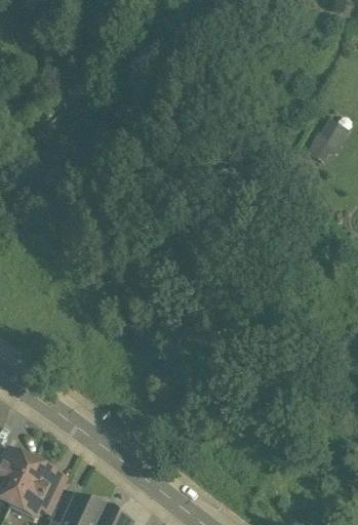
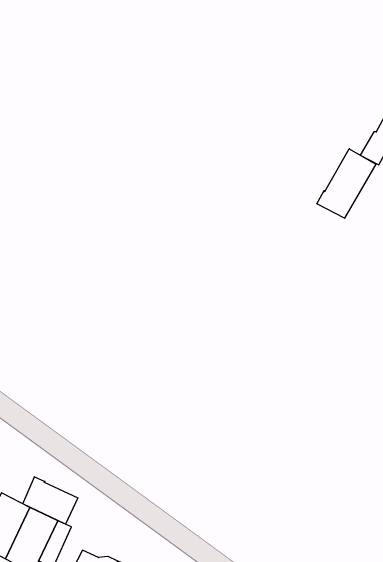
building: none -> [317,149,376,218]
building: none -> [23,477,78,524]

